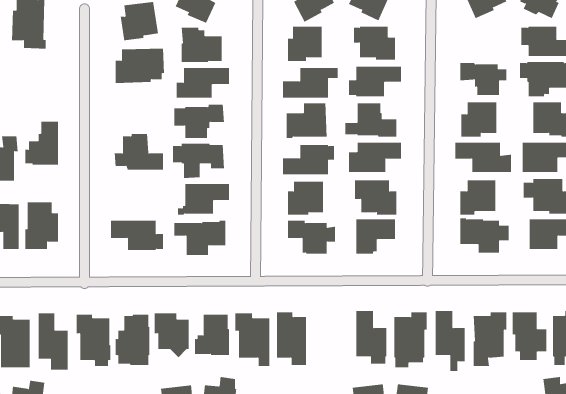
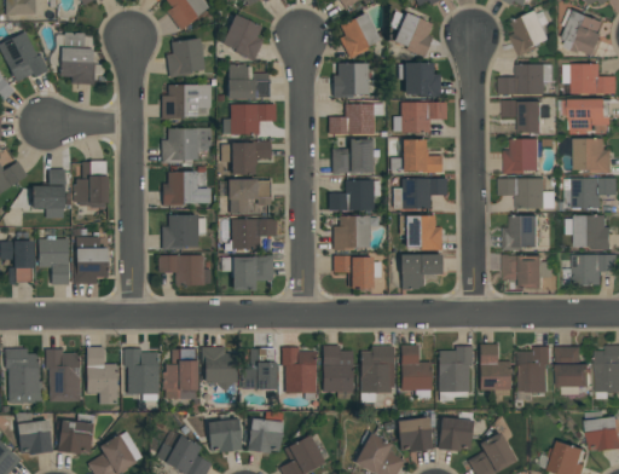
building: none -> [501,63,554,94]
building: none -> [163,126,212,164]
building: none -> [162,215,207,250]
building: none -> [361,346,394,403]

